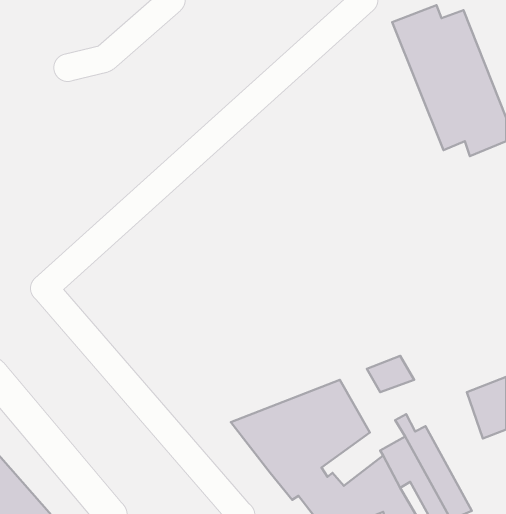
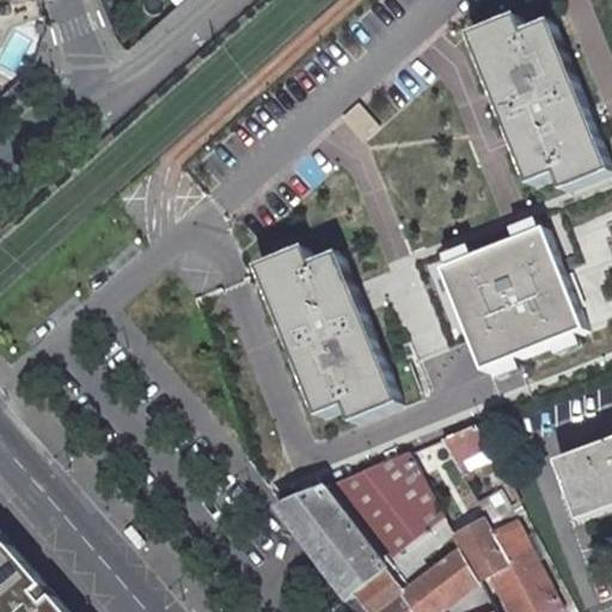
building: none -> [435,228,580,372]
building: none -> [252,243,396,418]

